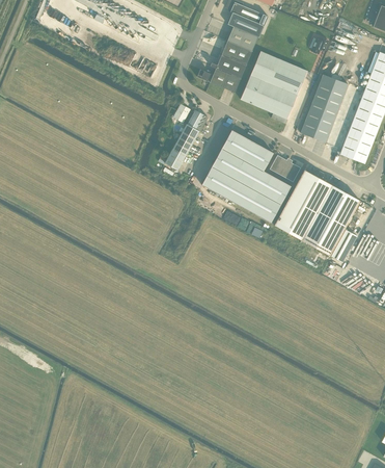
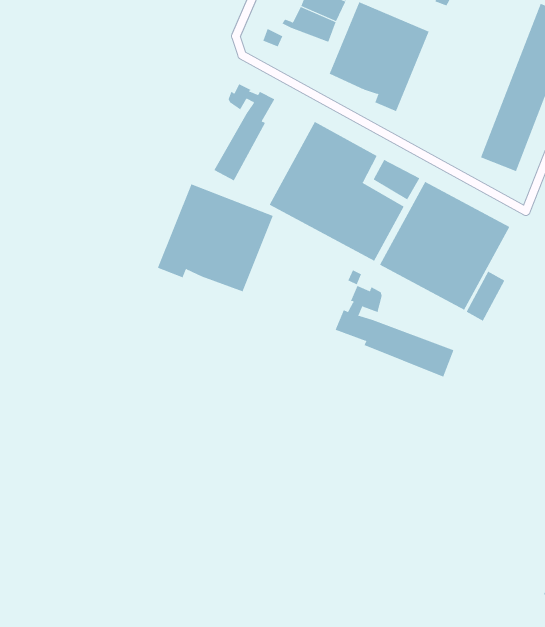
building: [210,68,241,92] -> none
building: [300,73,348,141] -> none
building: none -> [157,183,273,292]
building: none -> [335,285,454,377]

